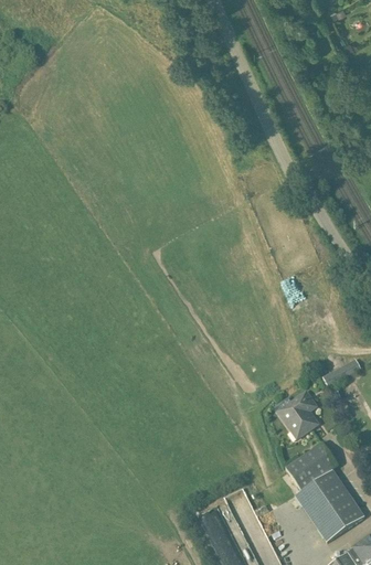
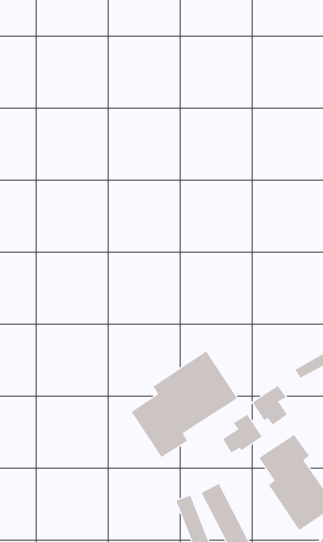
building: none -> [131,351,238,458]
building: none -> [222,414,263,453]

